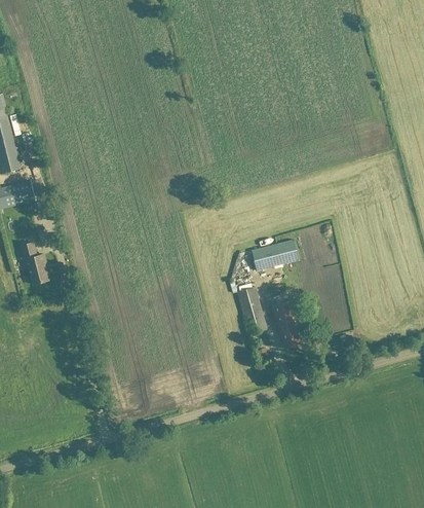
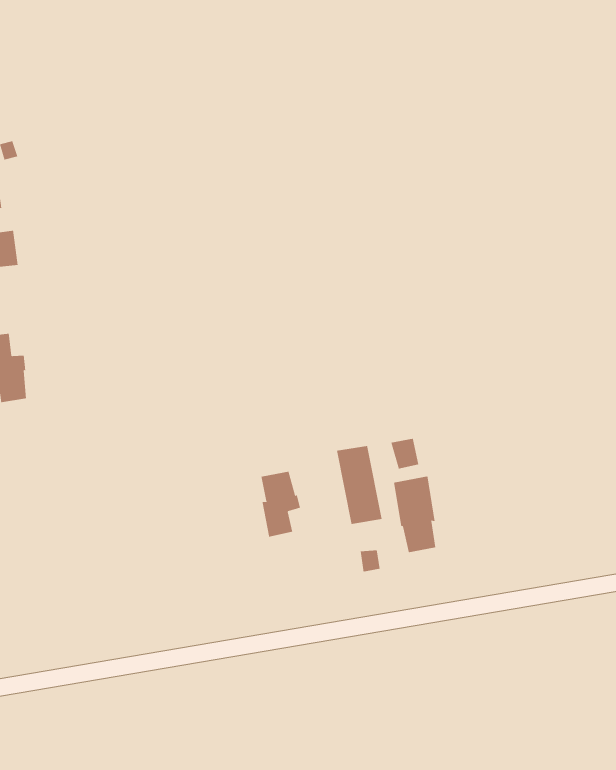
building: [252,239,300,270] -> none
building: none -> [261,471,301,537]

